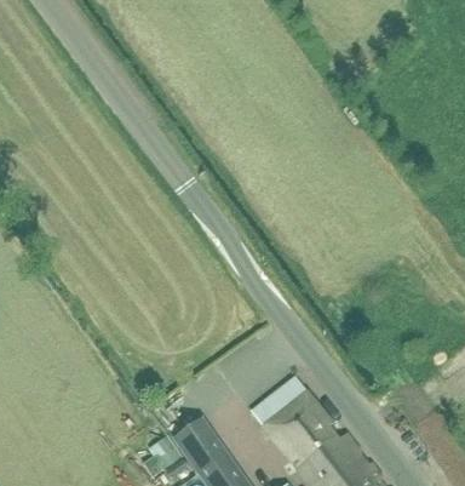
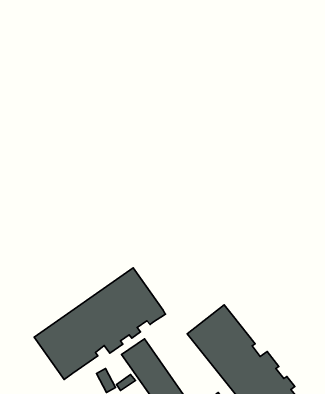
building: none -> [34,268,165,379]

